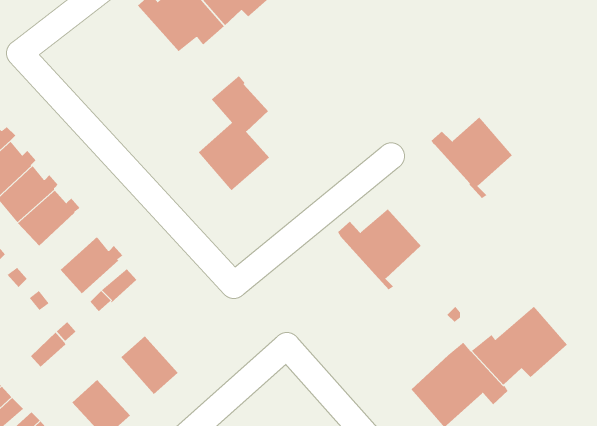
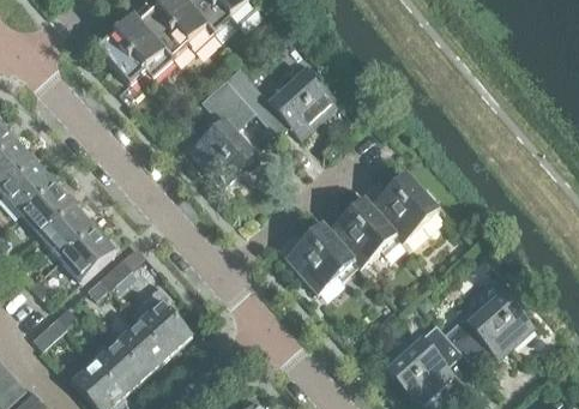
building: none -> [90,12,170,80]
building: none -> [231,68,334,137]
building: [430,116,513,199] -> [361,174,438,251]
building: none -> [41,205,98,258]
building: none -> [277,227,352,294]
building: none -> [139,285,192,354]
building: none -> [95,339,147,393]

